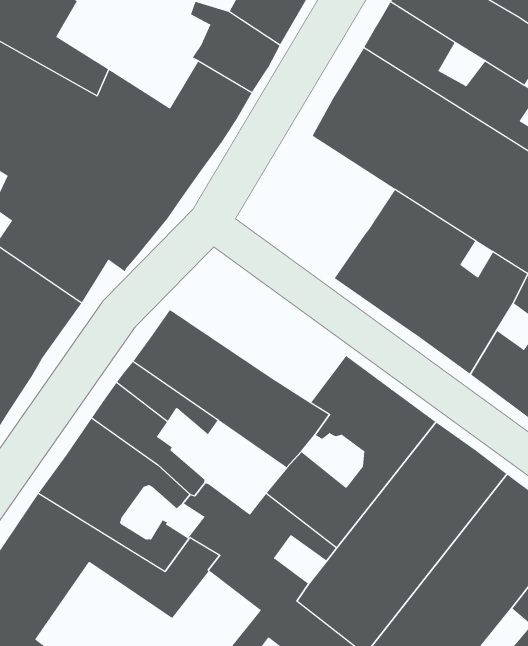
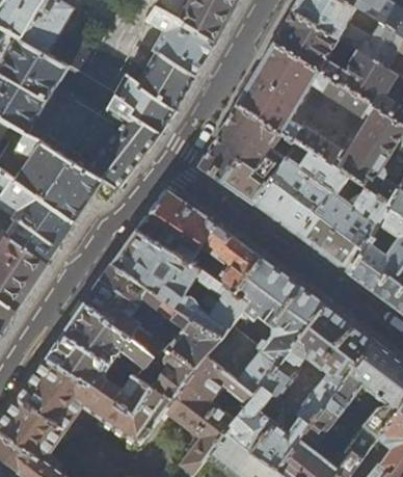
building: none -> [199,105,295,205]
building: none -> [137,190,261,292]
building: none -> [164,304,219,370]

